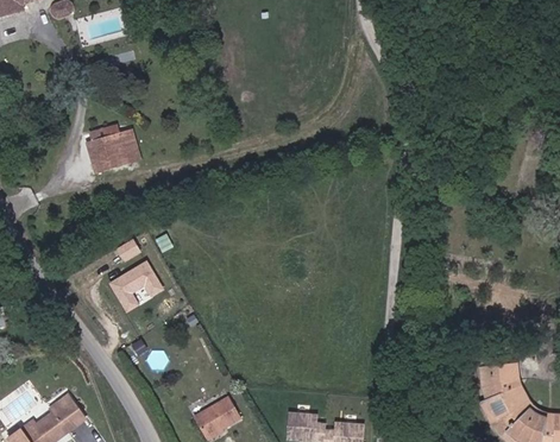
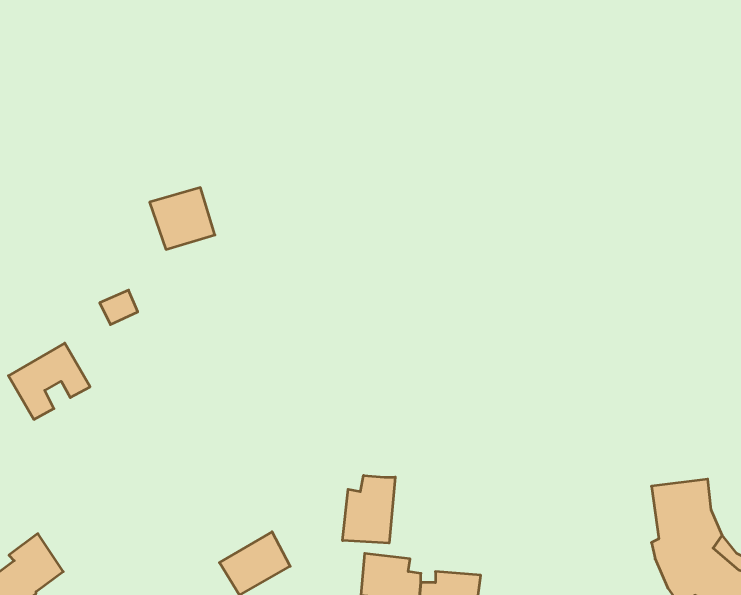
building: [88,132,131,172] -> [150,188,215,249]
building: [108,260,162,310] -> [8,343,90,419]
building: none -> [343,475,395,543]

